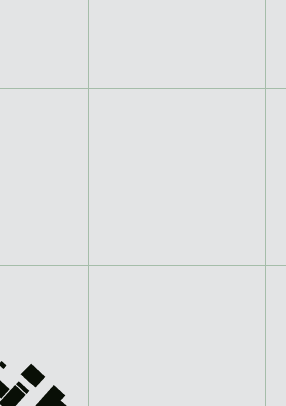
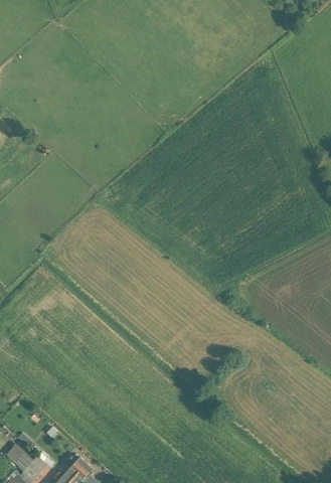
building: [20,363,46,388] -> none

